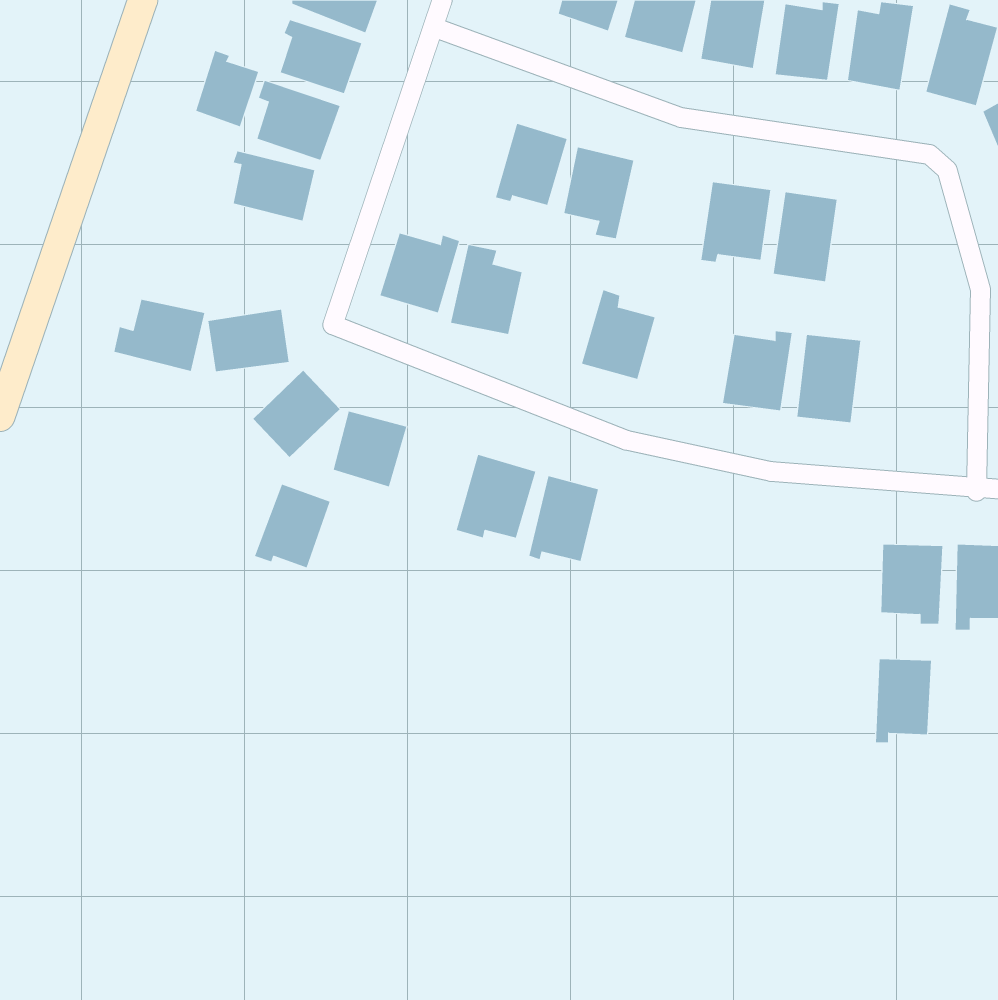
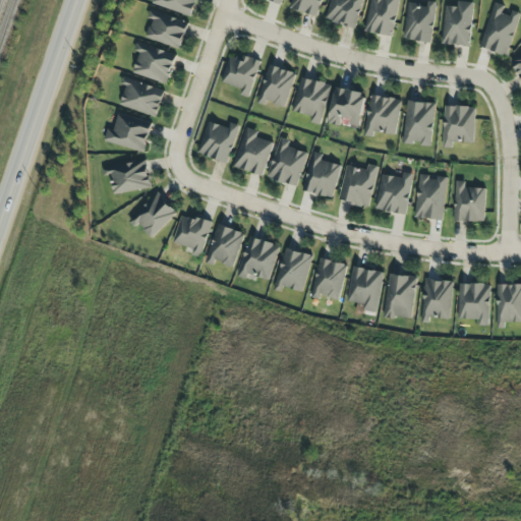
building: [196,50,259,127] -> none
building: none -> [223,53,260,97]
building: none -> [327,86,367,126]
building: none -> [444,106,476,148]
building: none -> [269,137,309,187]
building: [113,299,205,372] -> [105,114,153,152]
building: none -> [340,164,379,207]
building: none -> [455,181,486,221]
building: [254,484,330,568] -> [206,224,245,268]
building: none -> [310,257,349,299]
building: none -> [347,266,385,312]
building: none -> [387,275,416,319]
building: [875,659,932,743] -> [423,279,453,323]

